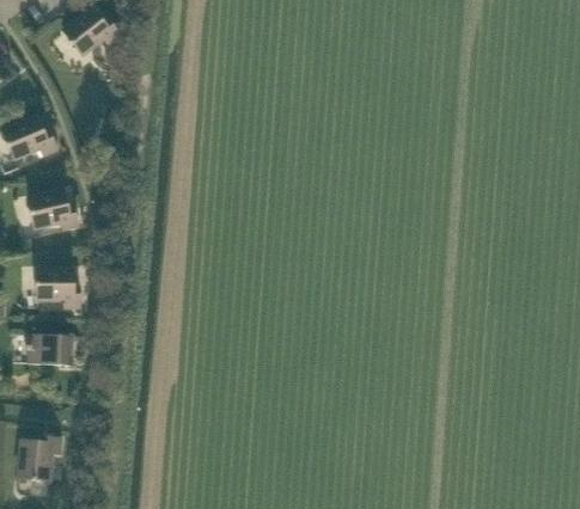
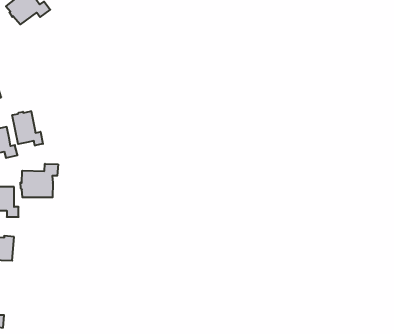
building: none -> [12,111,43,146]
building: none -> [21,164,58,197]

